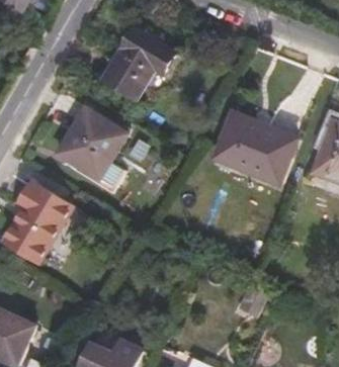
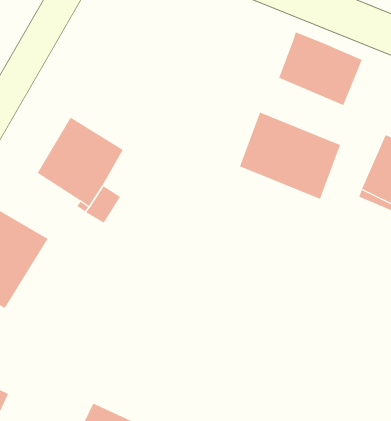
building: [108,31,180,102] -> none
building: none -> [279,32,362,106]

